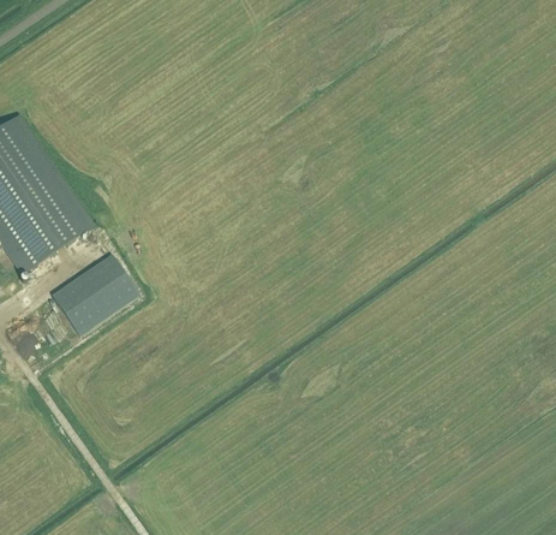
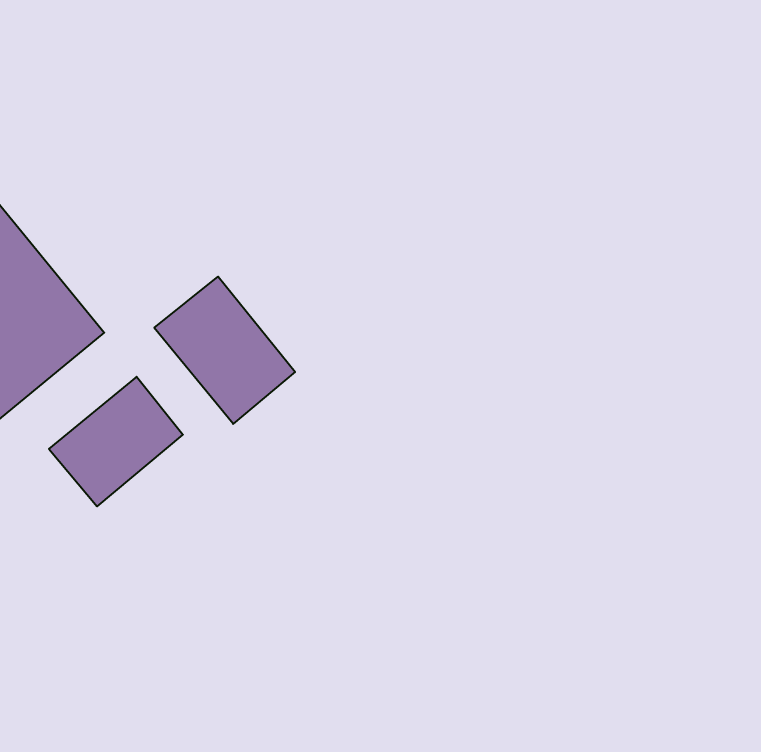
building: none -> [154,277,295,424]

